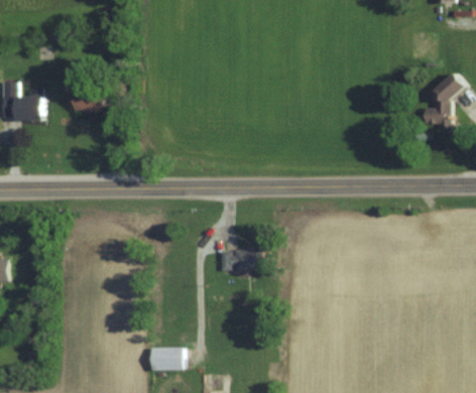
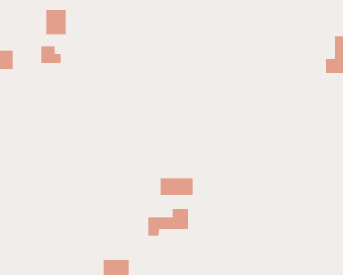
building: none -> [46,9,66,35]
building: none -> [148,208,188,237]

